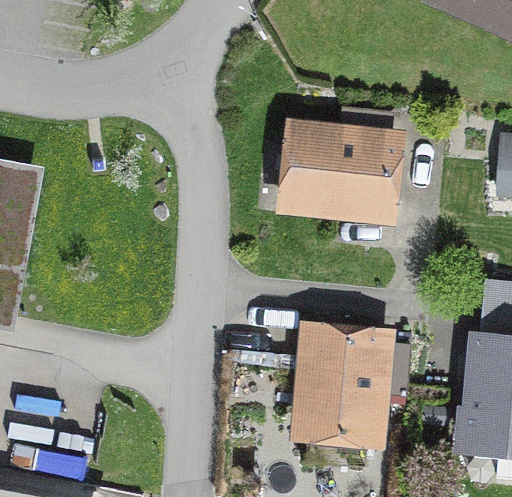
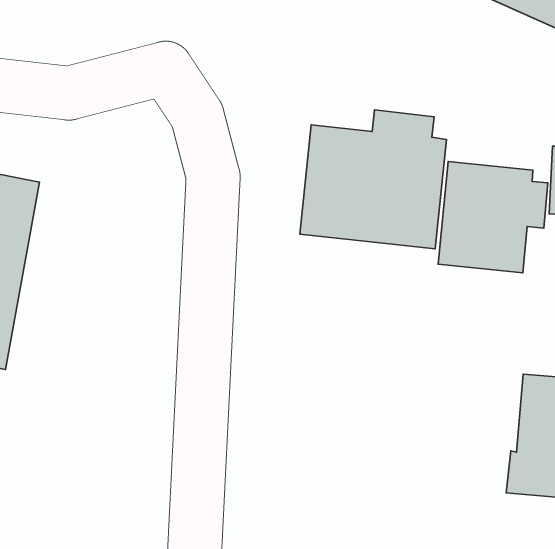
building: none -> [438,161,548,273]
building: [289,320,409,451] -> none

